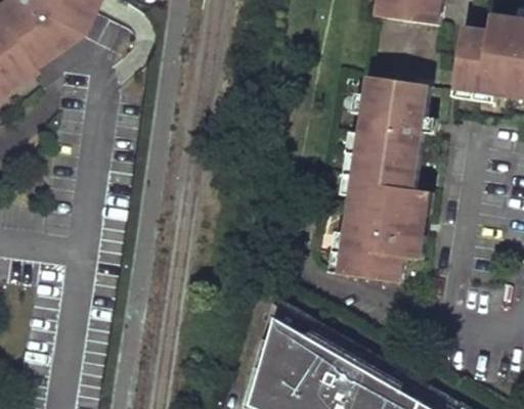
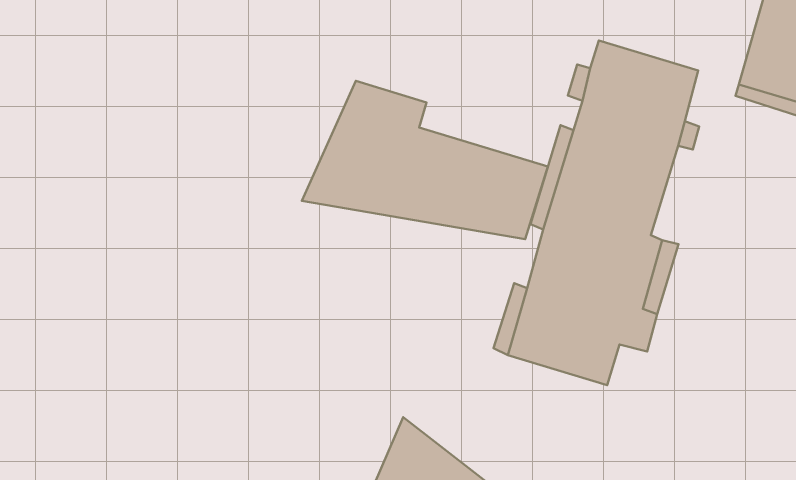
building: none -> [302,81,548,239]

